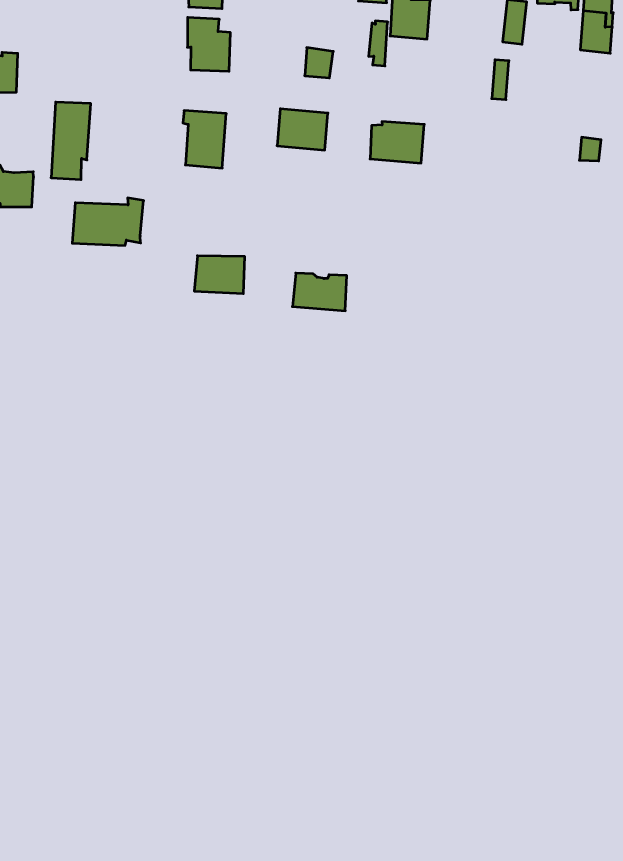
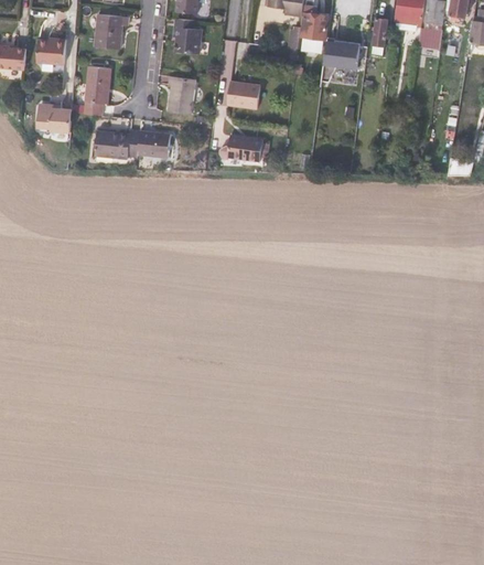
building: none -> [94,13,128,50]
building: [370,122,424,163] -> [324,40,359,67]
building: [194,256,245,294] -> [137,131,170,157]
building: [292,273,347,311] -> [227,135,262,160]

